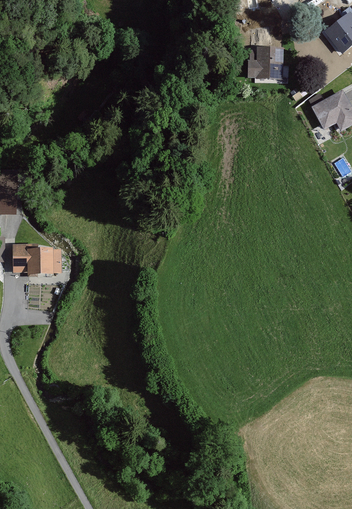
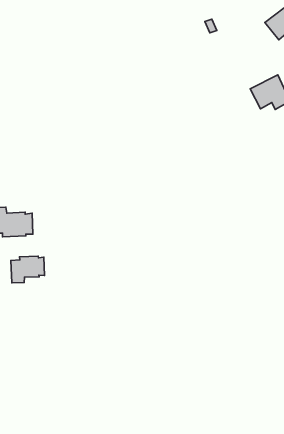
building: [249,46,282,79] -> none
building: none -> [11,256,45,283]

